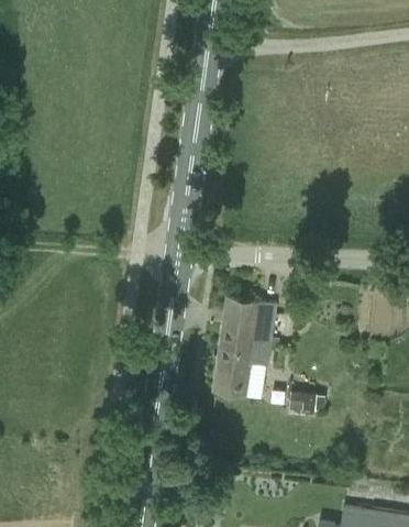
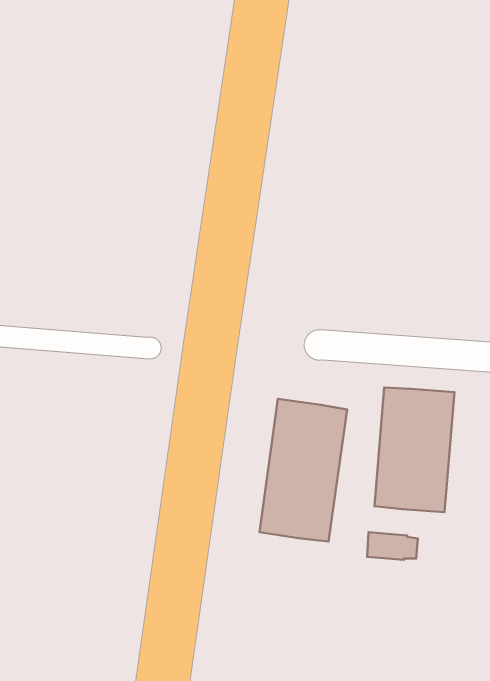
building: none -> [375,387,454,512]

